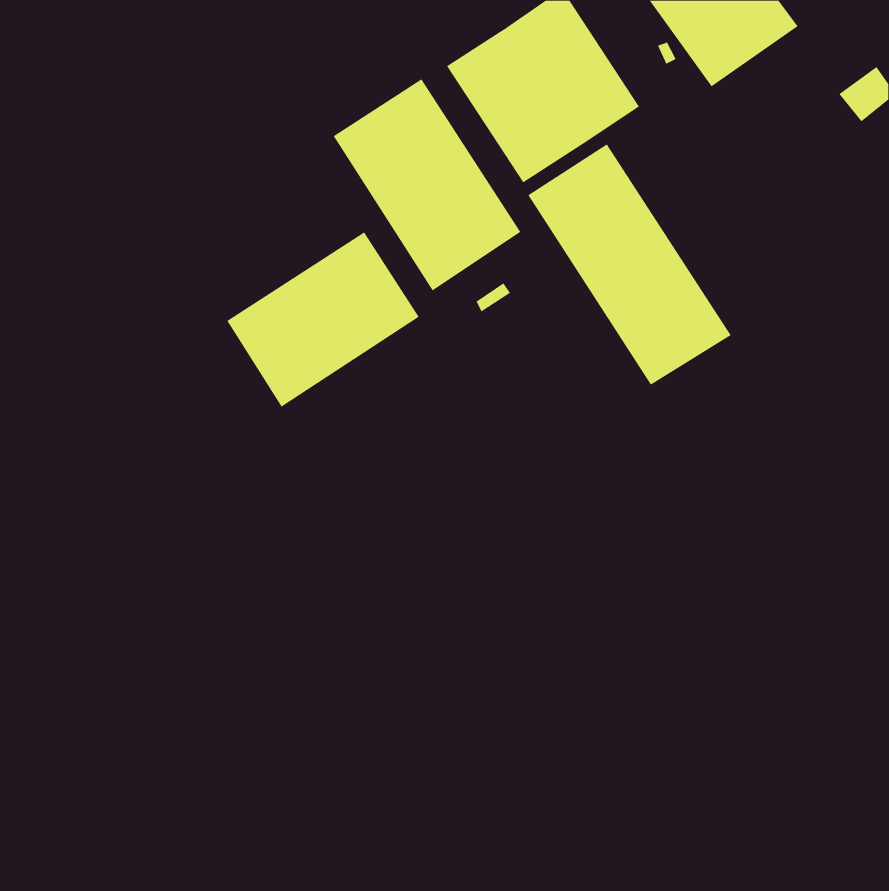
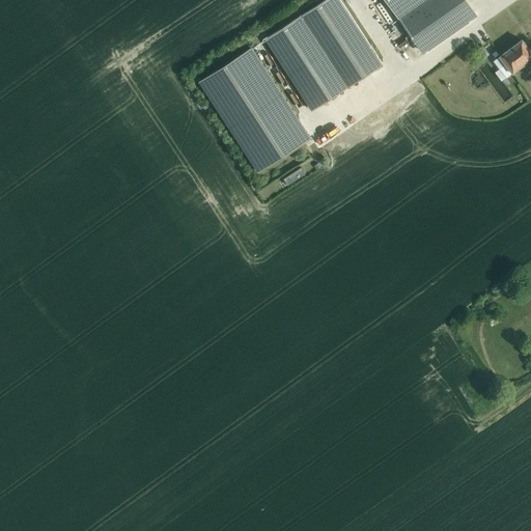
building: [527,144,732,386] -> none
building: [227,232,419,408] -> none

